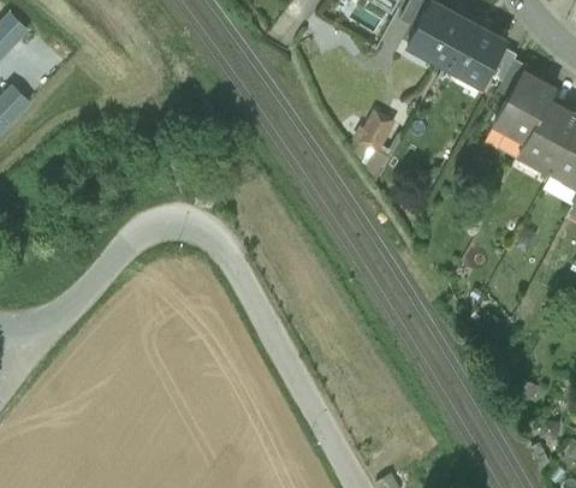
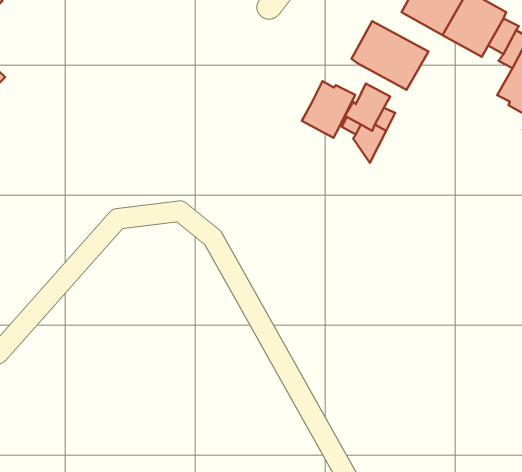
building: none -> [352,21,428,90]
building: none -> [302,81,355,138]

